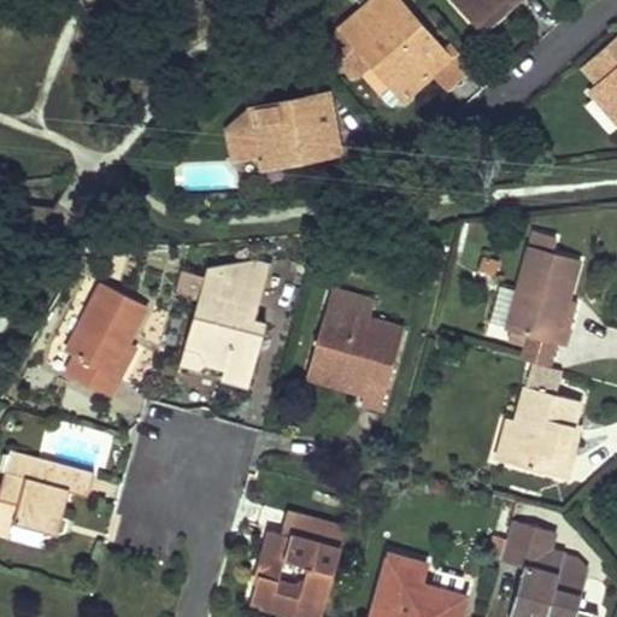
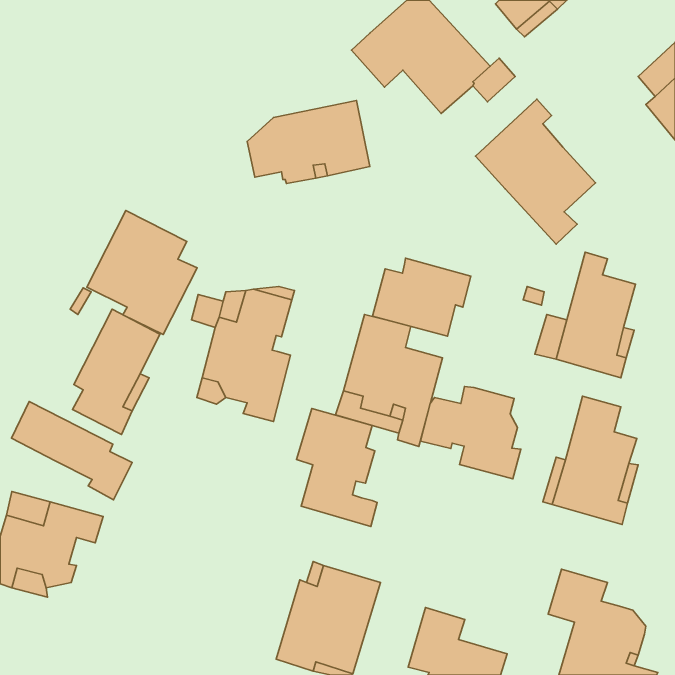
building: none -> [476,99,596,244]
building: none -> [87,210,197,334]
building: none -> [372,258,471,336]
building: none -> [421,386,521,479]
building: none -> [11,401,132,500]
building: none -> [296,408,377,526]

